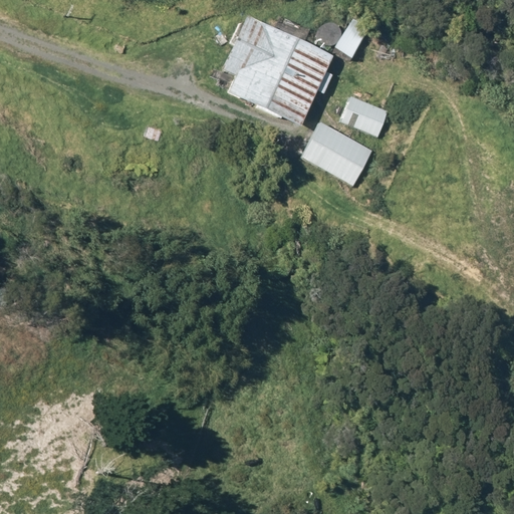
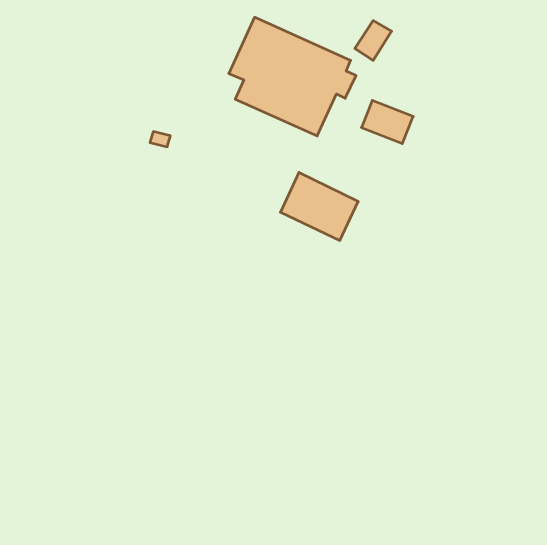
building: [302,120,374,184] -> [280,172,358,240]

